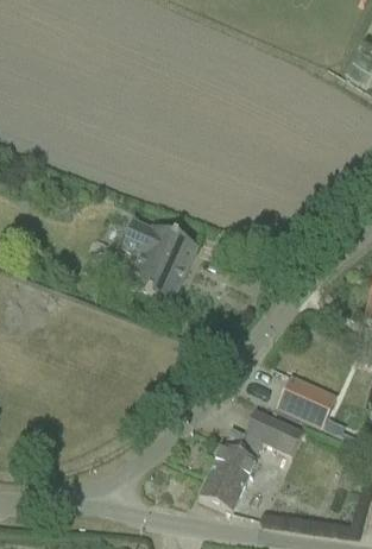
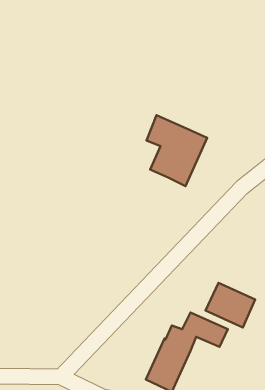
building: [120,215,197,305] -> [146,115,207,186]

